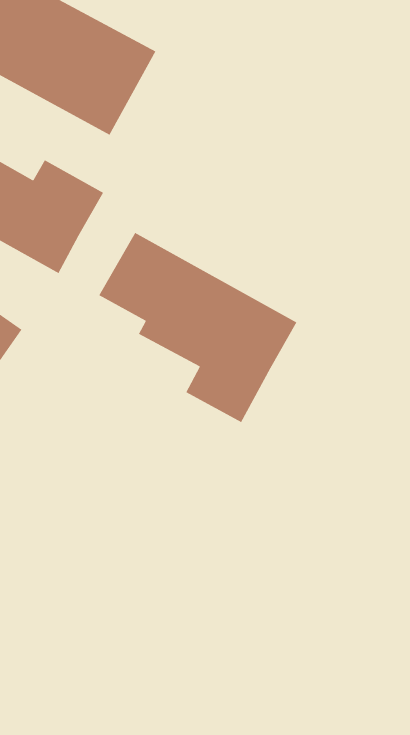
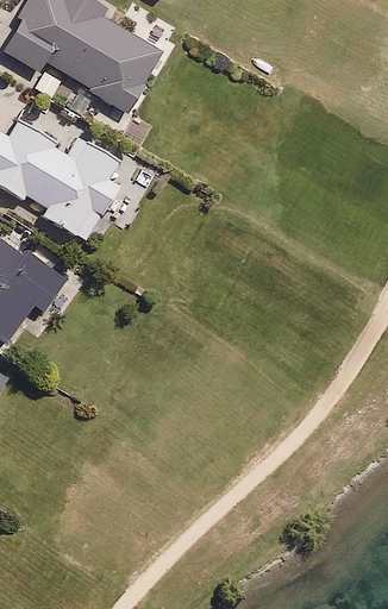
building: [98,232,298,423] -> none

